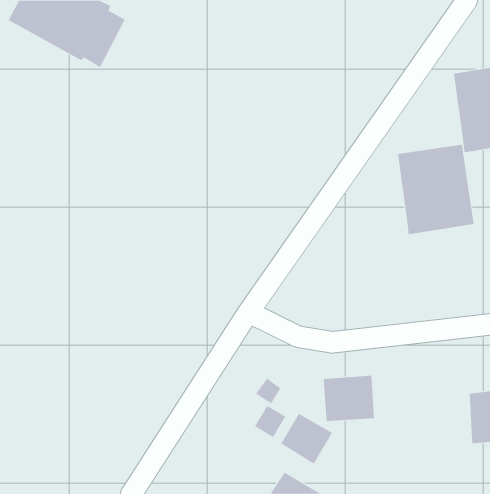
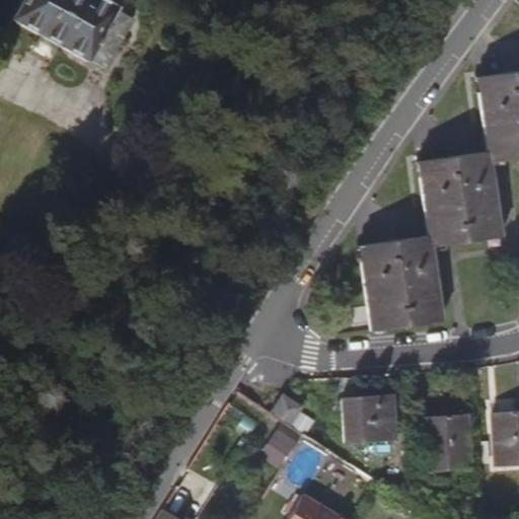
building: none -> [360,235,442,329]
building: none -> [422,415,470,470]
building: [280,413,333,464] -> none

